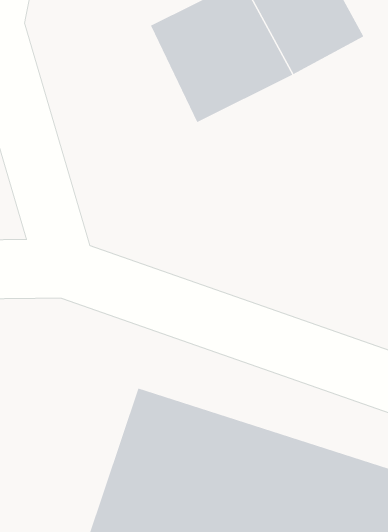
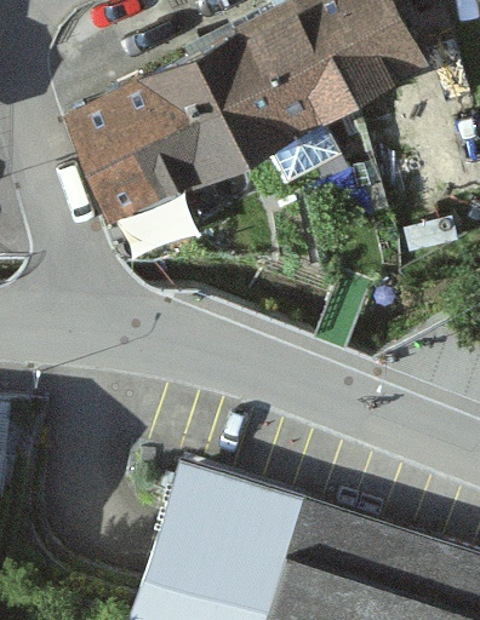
building: none -> [64,57,246,226]

